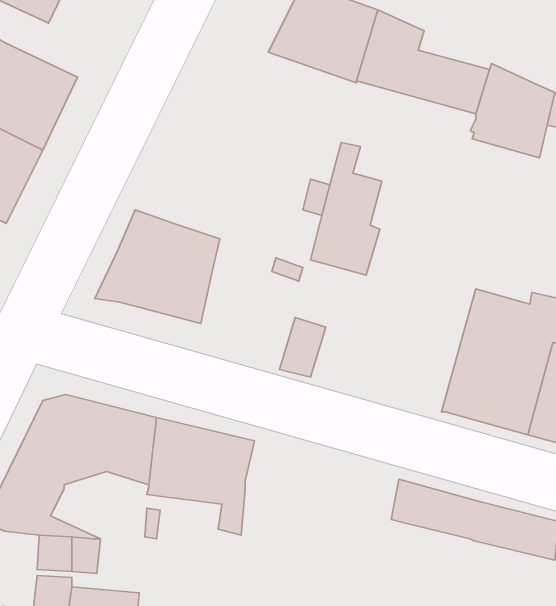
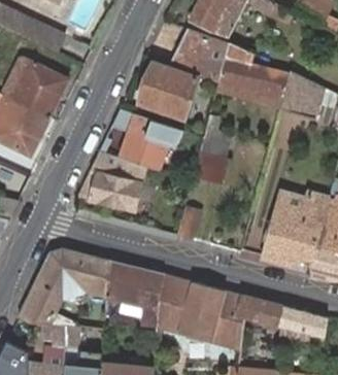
building: none -> [137,61,196,118]
building: none -> [119,113,173,170]
building: none -> [155,273,243,346]

